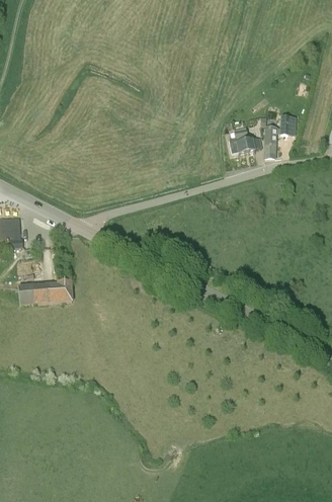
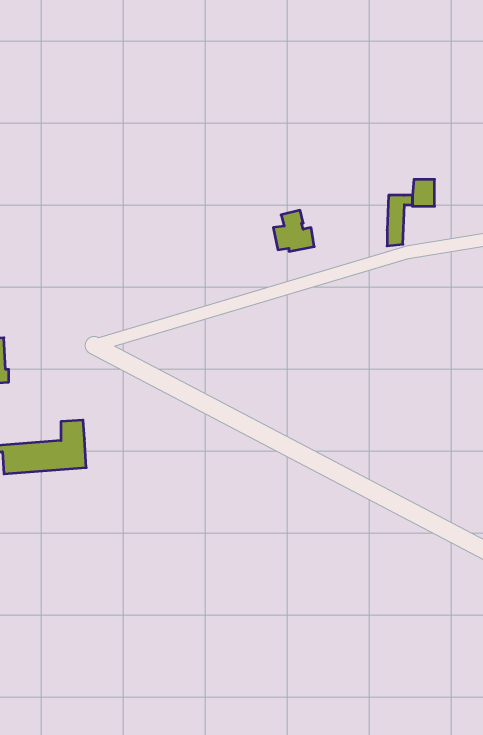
building: [228,127,254,153] -> [273,210,314,251]

